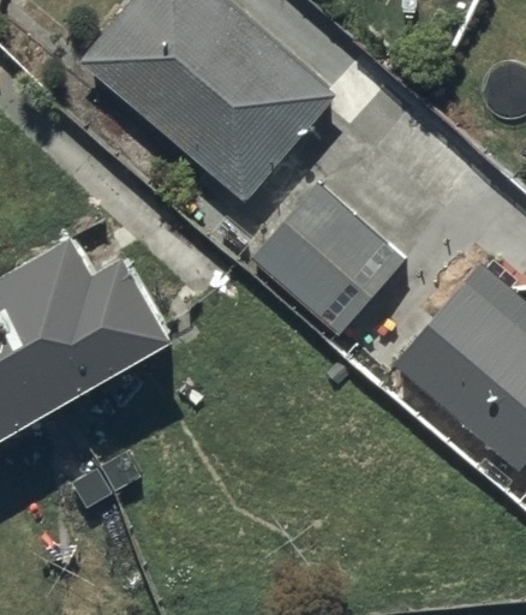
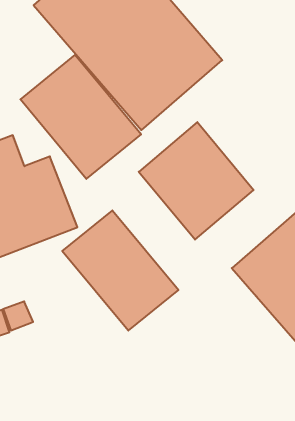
building: none -> [20,55,141,179]
building: none -> [62,210,178,331]

